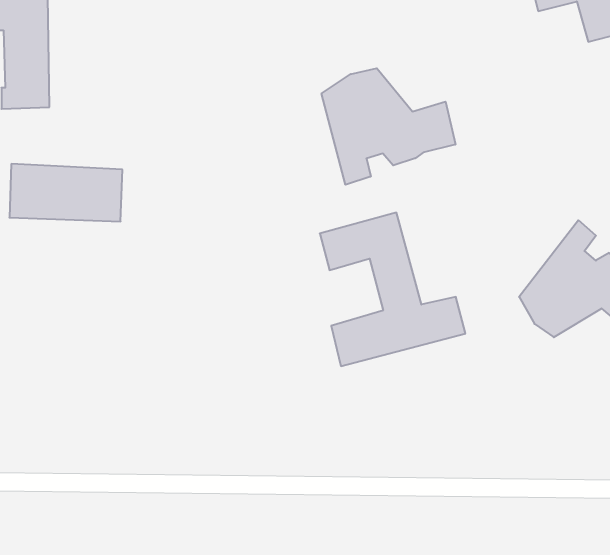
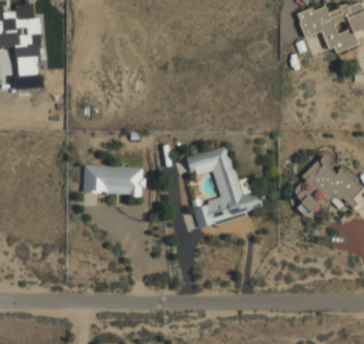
building: [322,68,455,185] -> none
building: [9,164,122,221] -> [84,164,145,195]

